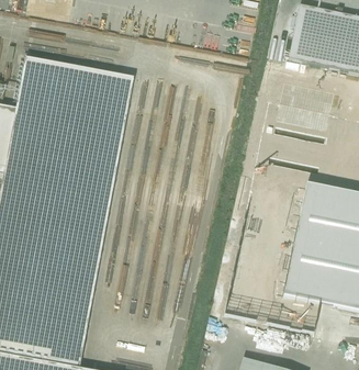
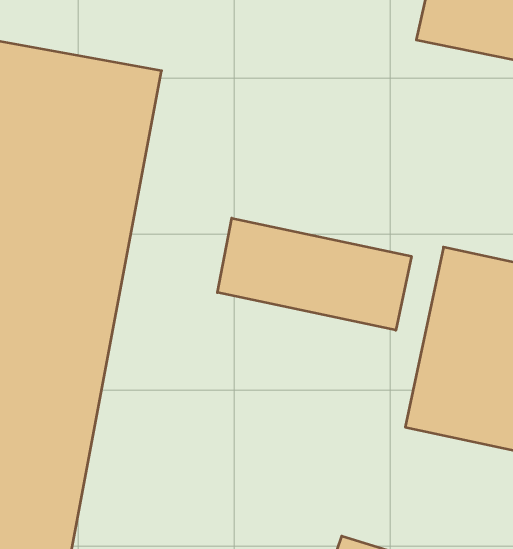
building: none -> [217,218,411,330]

